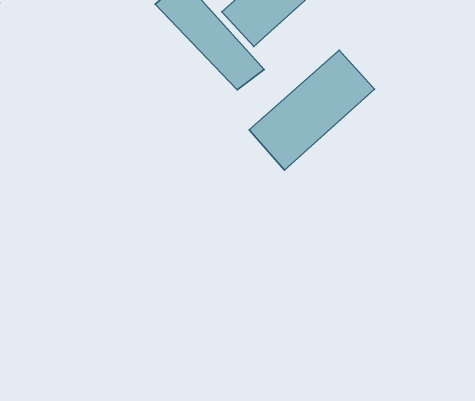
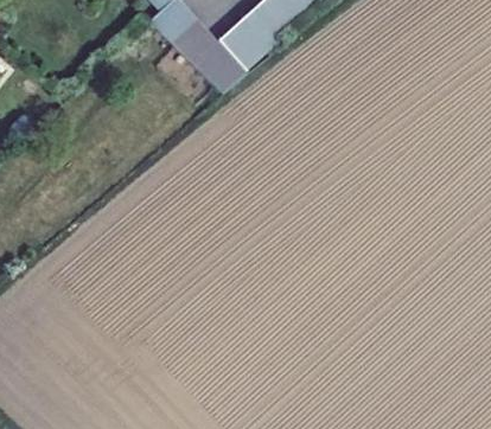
building: [249,50,375,170] -> none

